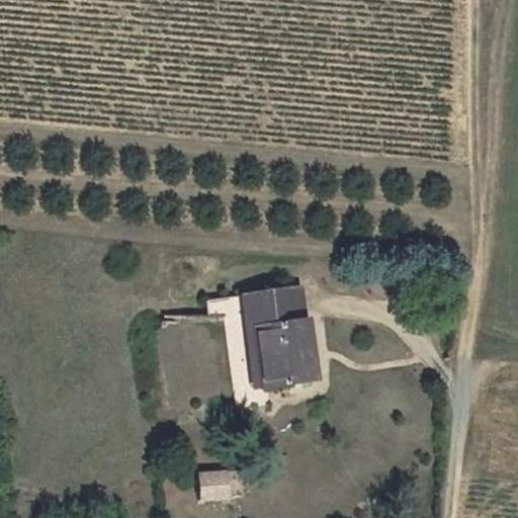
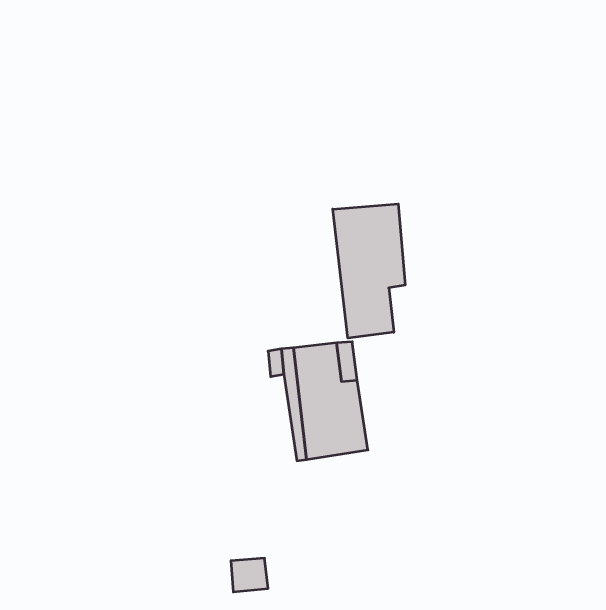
building: none -> [333,204,405,338]

